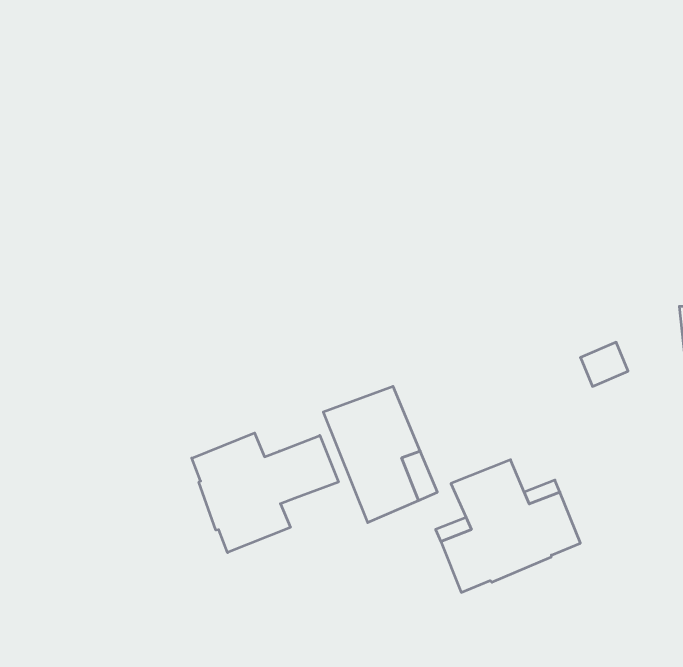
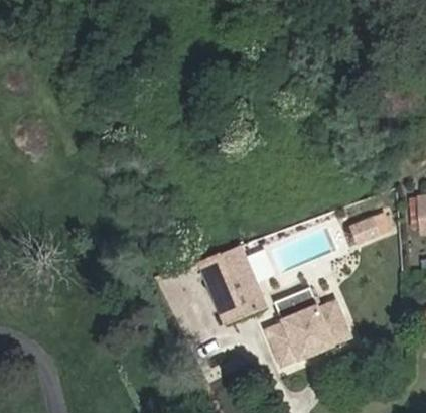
building: [192,433,338,553] -> none

